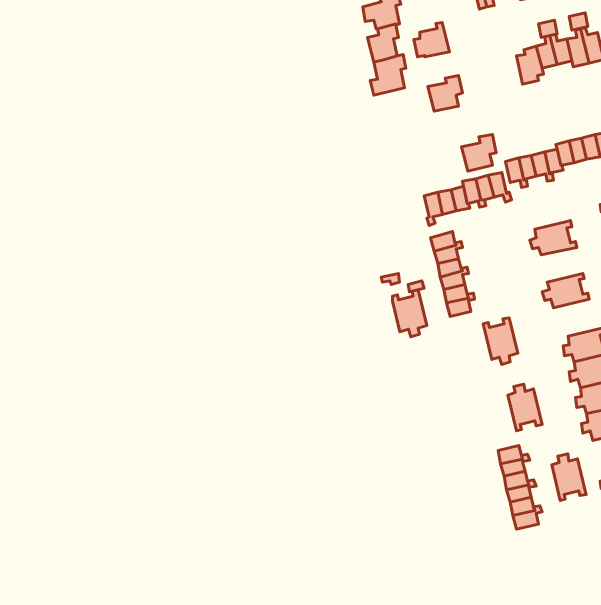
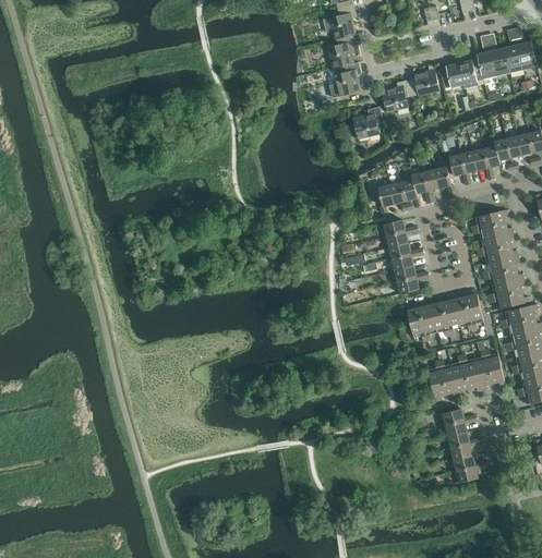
building: [414,22,449,57] -> [409,65,441,96]
building: none -> [439,61,465,87]
building: [462,134,496,171] -> [353,107,384,140]
building: none -> [478,233,519,264]
building: [392,290,427,337] -> [408,301,438,342]
building: none -> [489,279,530,310]
building: none -> [454,290,484,331]
building: none -> [429,360,460,401]
building: [552,454,586,501] -> [475,349,506,390]

